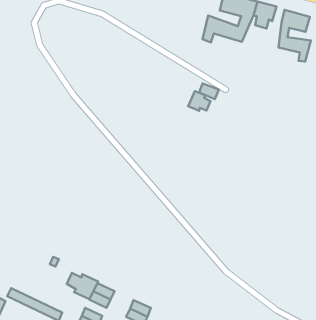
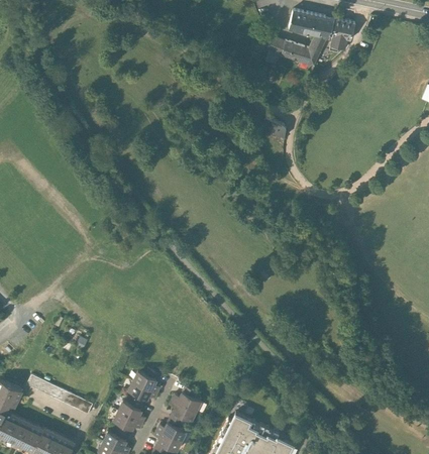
building: [278,10,311,61] -> none
building: [188,91,210,111] -> none
building: [67,273,98,299] -> none

